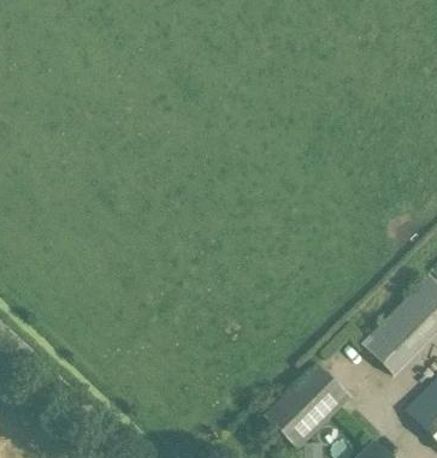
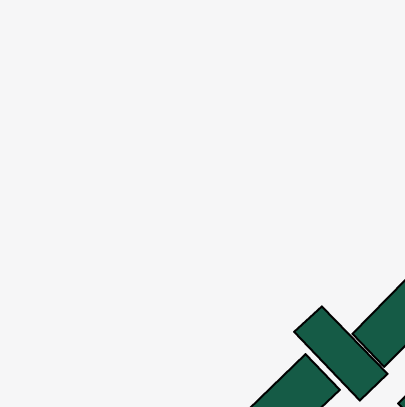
building: none -> [294,306,388,401]

